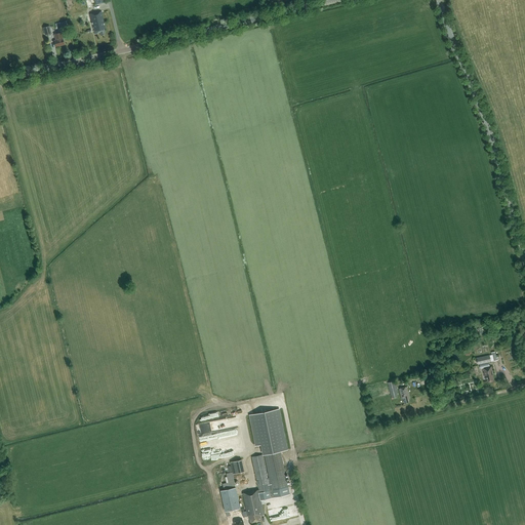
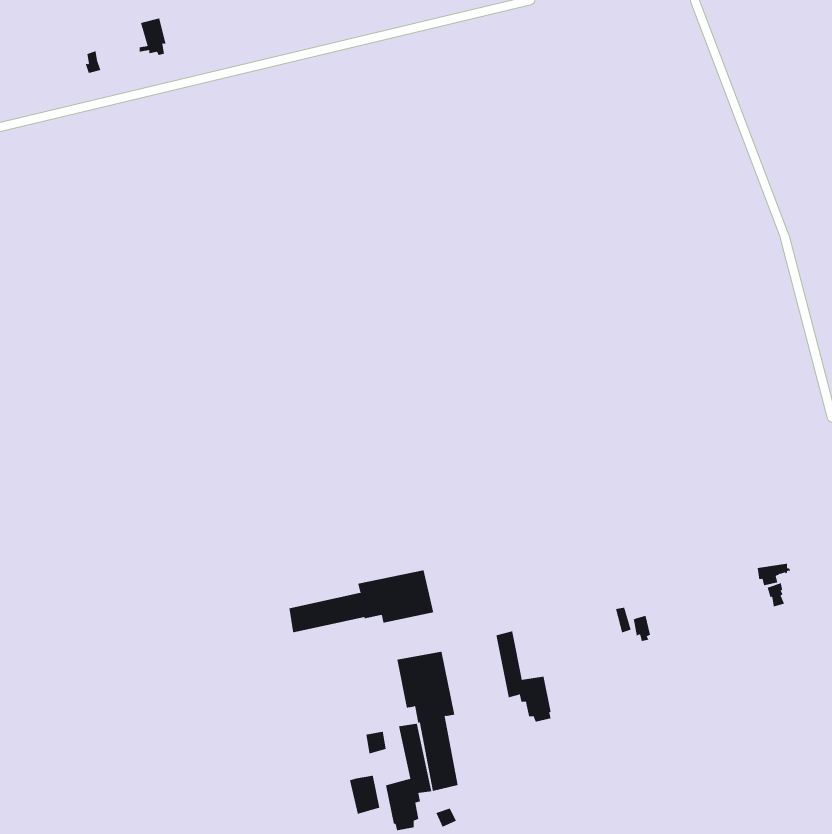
building: none -> [289,569,434,633]
building: none -> [496,631,551,722]

